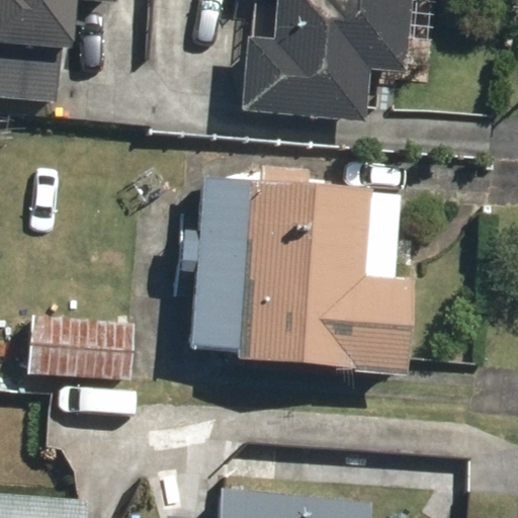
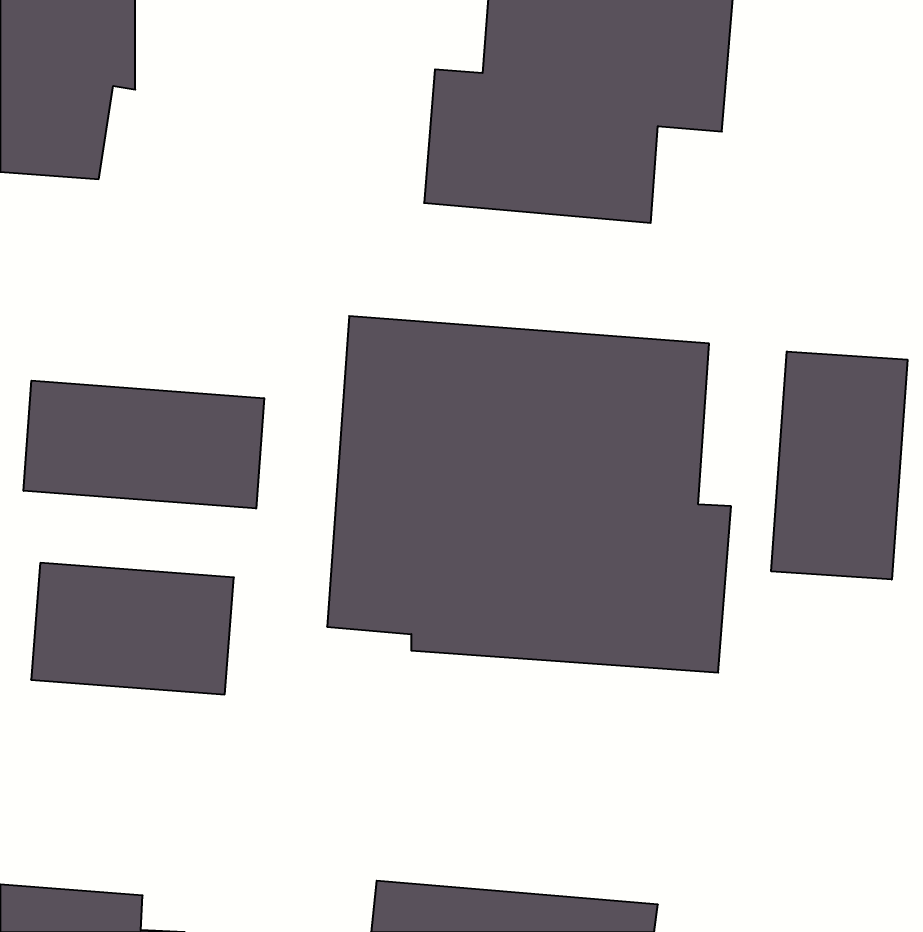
building: none -> [771,351,907,580]
building: none -> [24,381,264,509]

